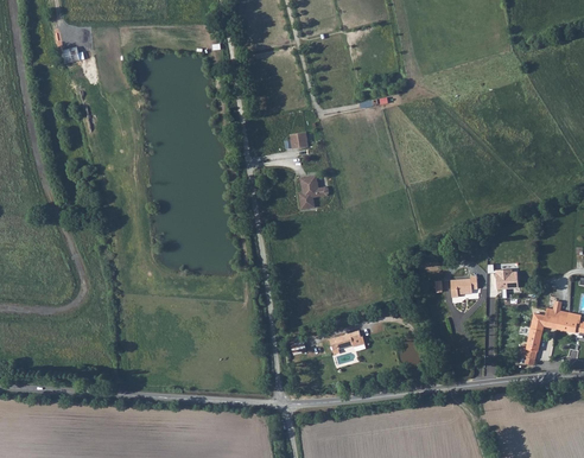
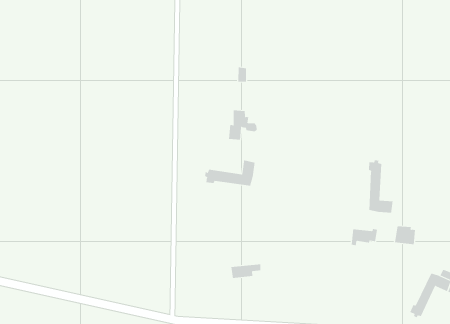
building: none -> [368,160,393,214]
building: none -> [205,159,255,187]

